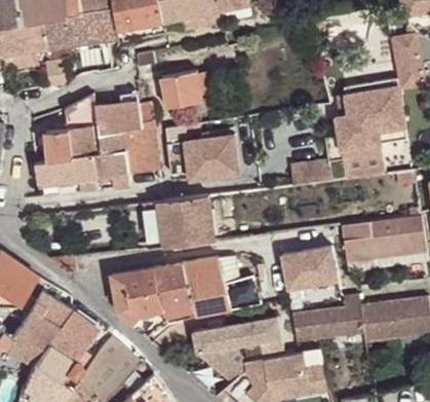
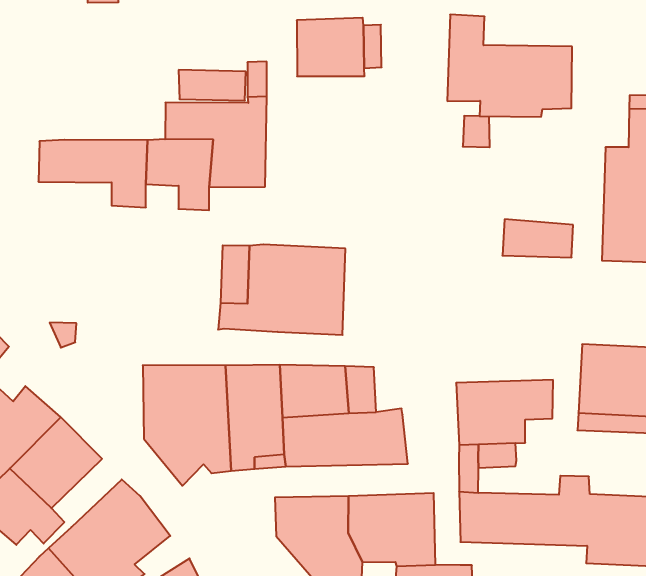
building: [46,93,103,161] -> none
building: [166,125,239,179] -> [447,15,572,117]

